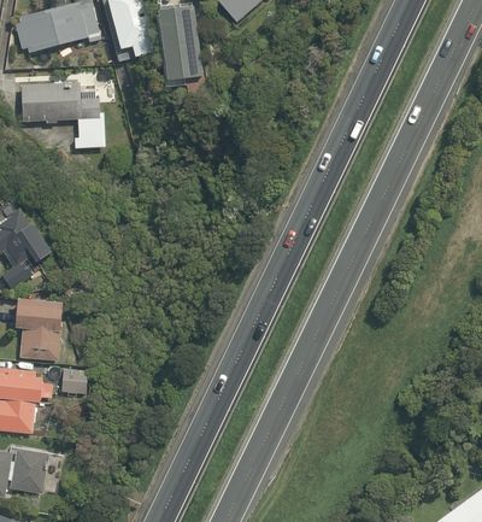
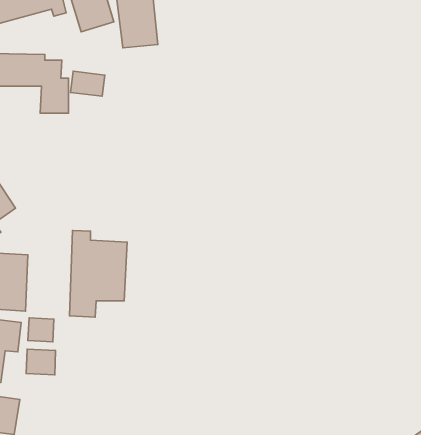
building: none -> [71,71,105,96]
building: none -> [69,230,127,317]
building: none -> [26,349,56,375]

